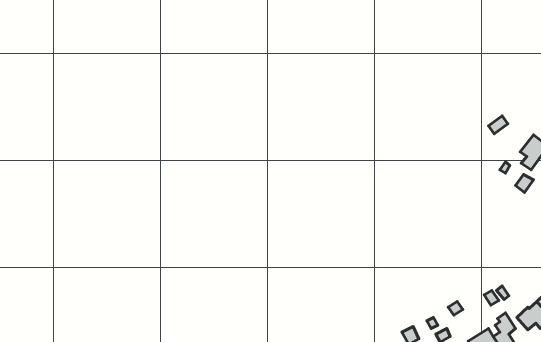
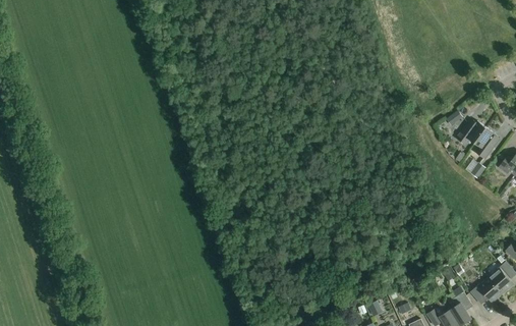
building: none -> [457,117,486,144]

